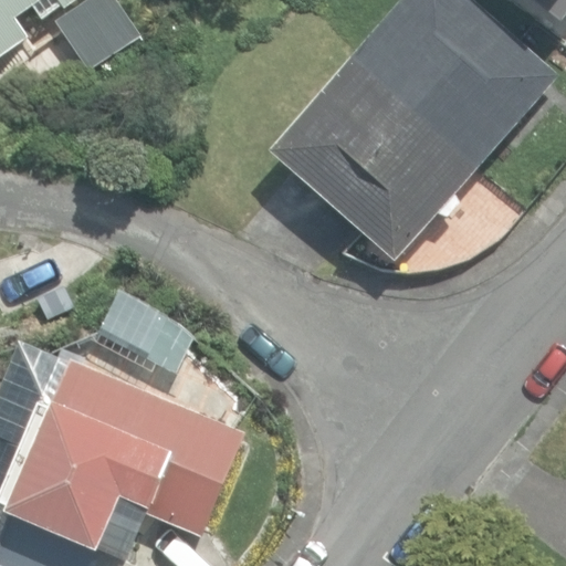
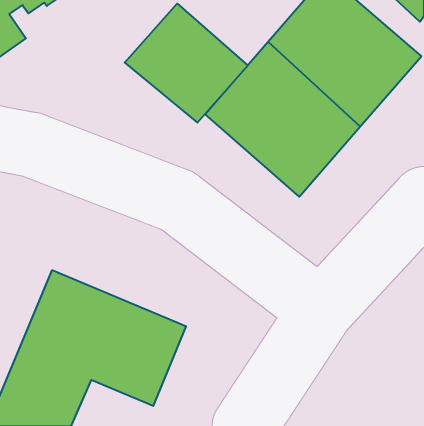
building: none -> [125,4,248,123]

